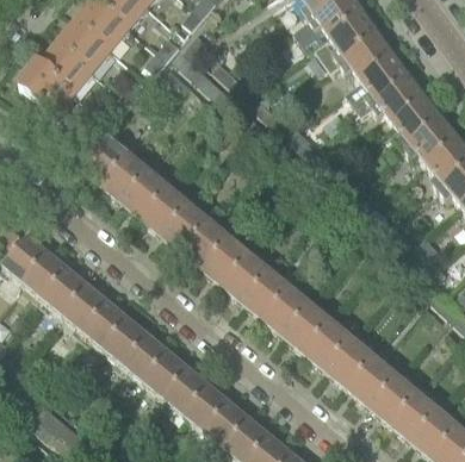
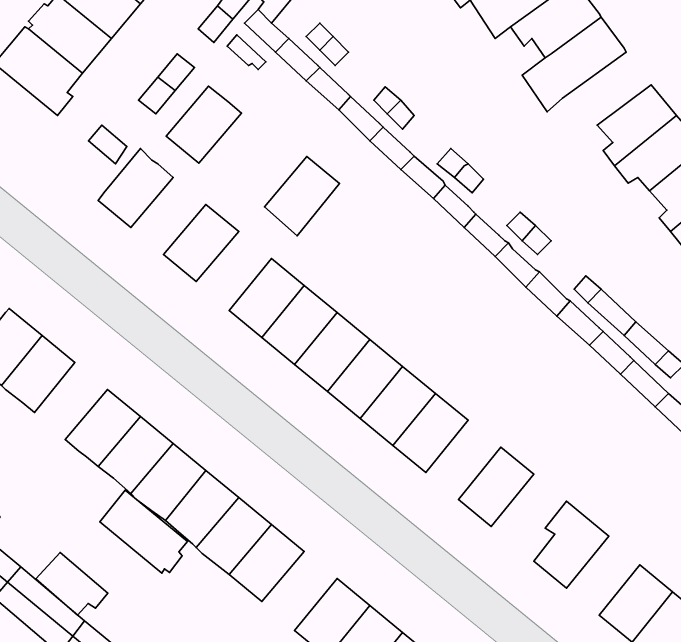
building: [372,77,427,123] -> none
building: [105,155,151,202] -> [166,86,241,163]
building: [145,188,192,237] -> [264,157,340,236]
building: [45,269,91,317] -> none
building: [287,305,334,354] -> none
building: [328,338,374,392] -> none
building: none -> [100,490,188,573]
building: [374,376,420,425] -> none
building: [186,386,232,435] -> none
building: none -> [36,553,108,615]

